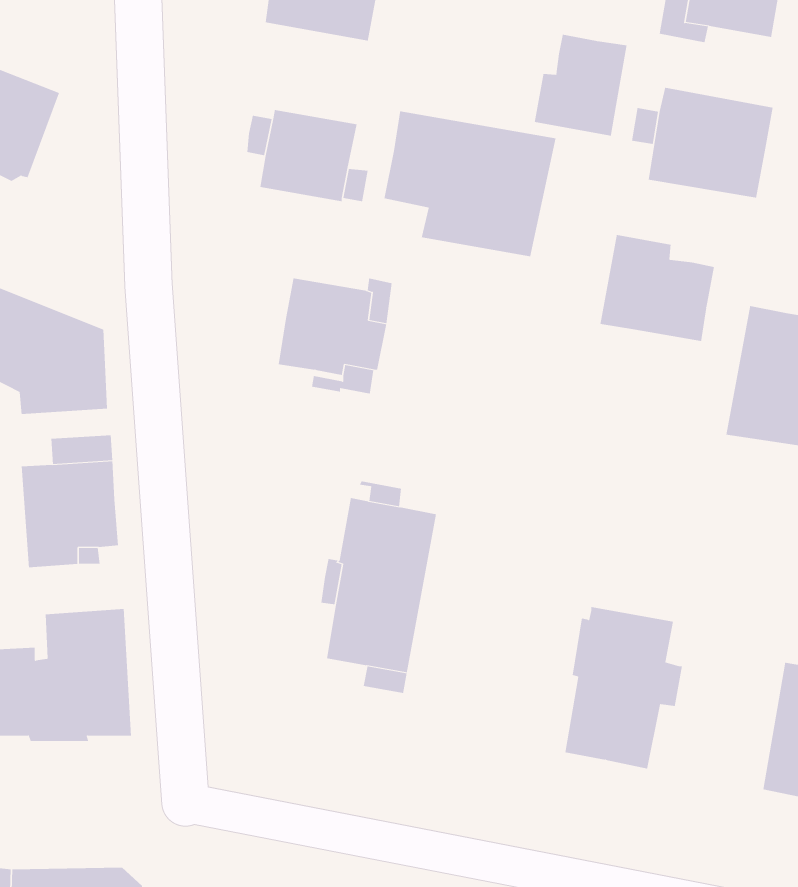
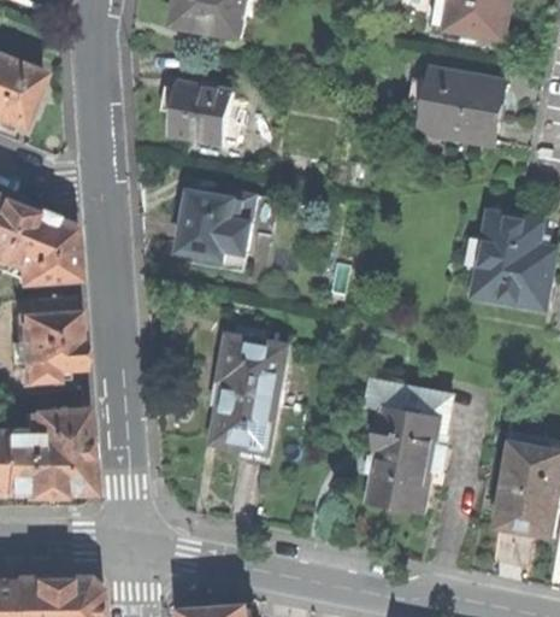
building: [534,34,627,136] -> none
building: [384,110,556,257] -> none
building: [600,234,715,342] -> none
building: none -> [367,381,452,446]

